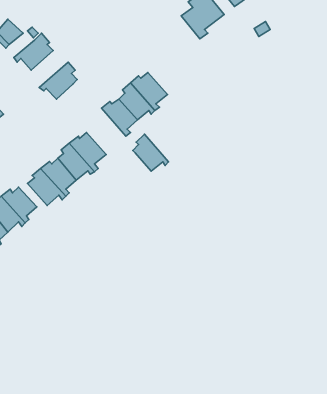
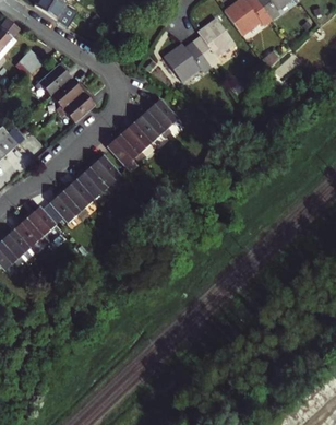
building: none -> [163,45,209,83]
building: none -> [50,78,85,113]
building: [133,134,169,171] -> [106,132,140,167]

